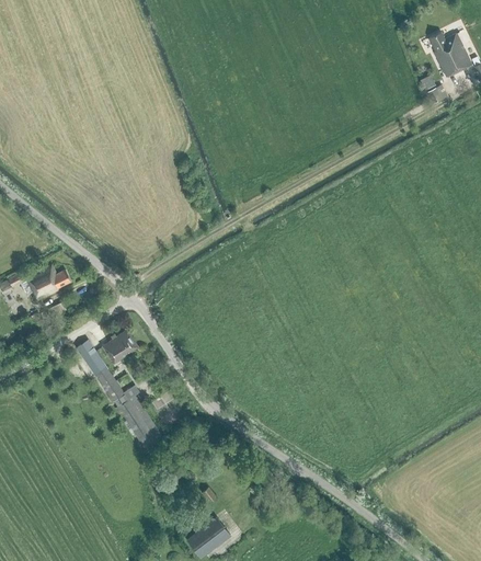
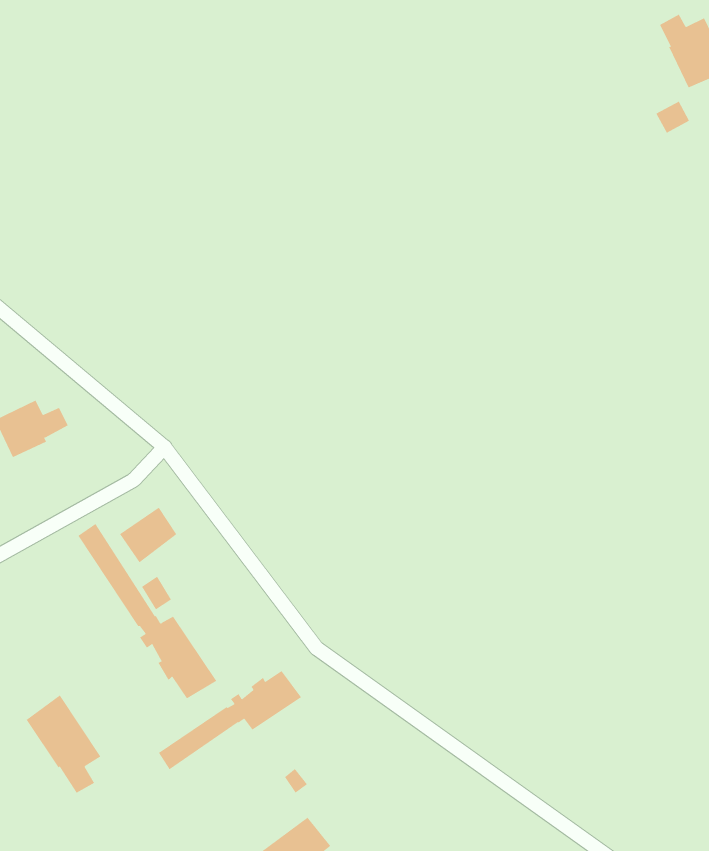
building: none -> [158,670,302,770]
building: none -> [26,694,101,793]

